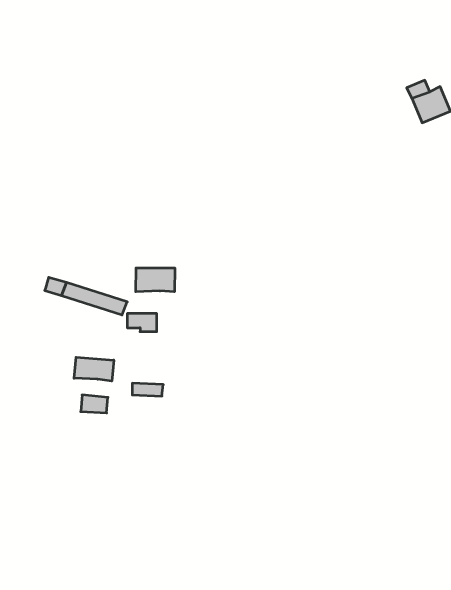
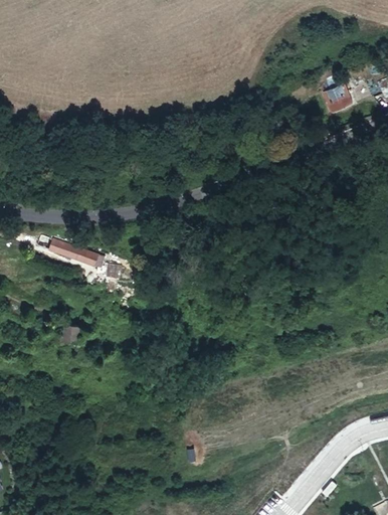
building: [136,268,175,292] -> none
building: [74,357,114,381] -> none

